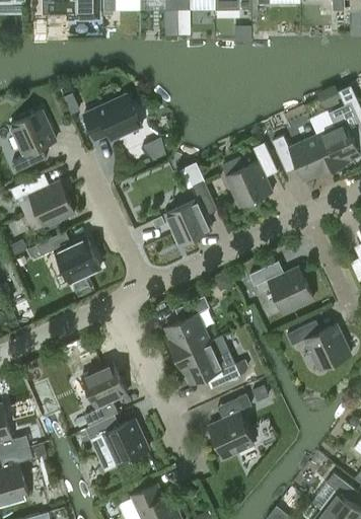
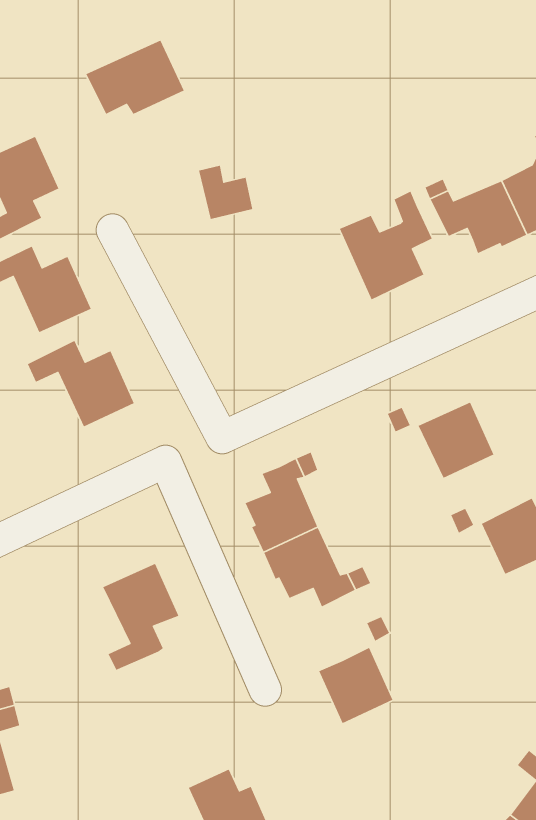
building: [82,95,141,140] -> [85,39,185,115]
building: [165,180,216,244] -> none
building: [84,416,147,465] -> none

